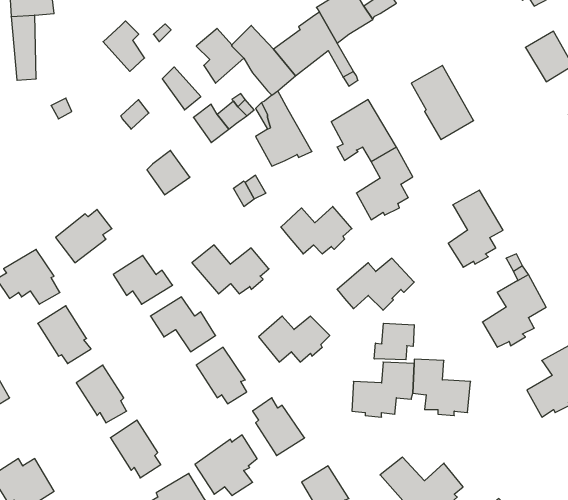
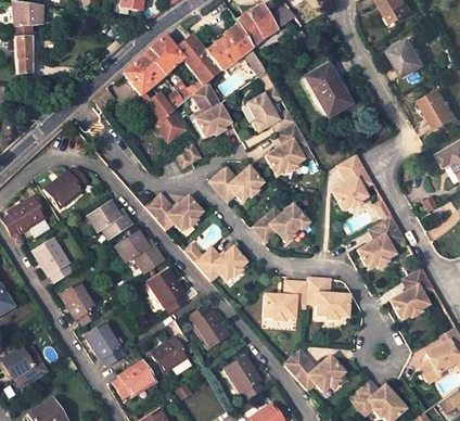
building: [103,21,145,71] -> [132,49,163,86]
building: [147,150,190,195] -> [155,110,187,142]
building: [374,323,414,360] -> none

